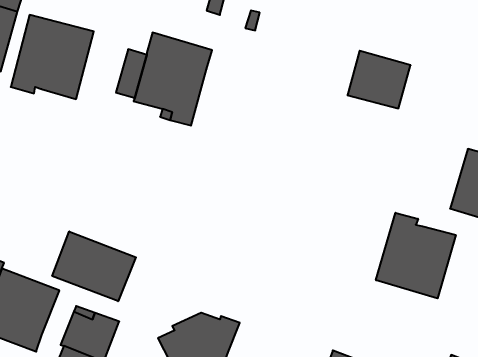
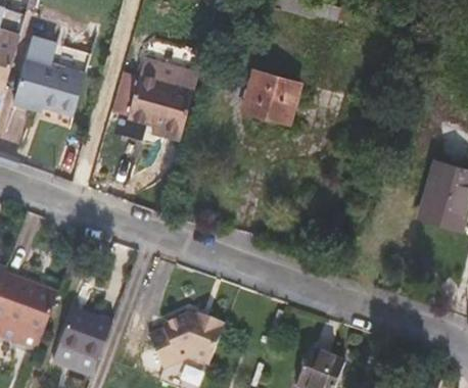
building: [347,51,411,108] -> [241,70,299,124]
building: [376,213,456,298] -> none
building: [52,231,136,301] -> none

